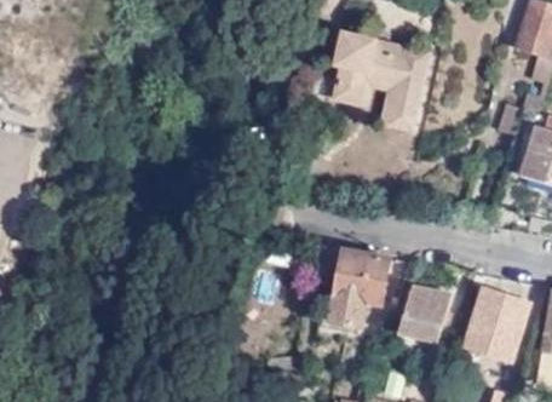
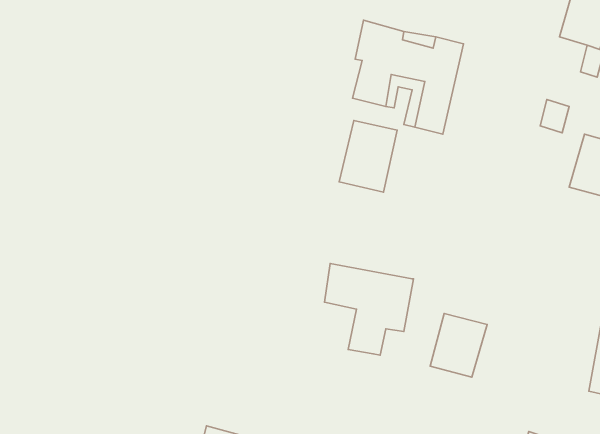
building: none -> [339,121,397,192]
building: [462,289,524,362] -> none

